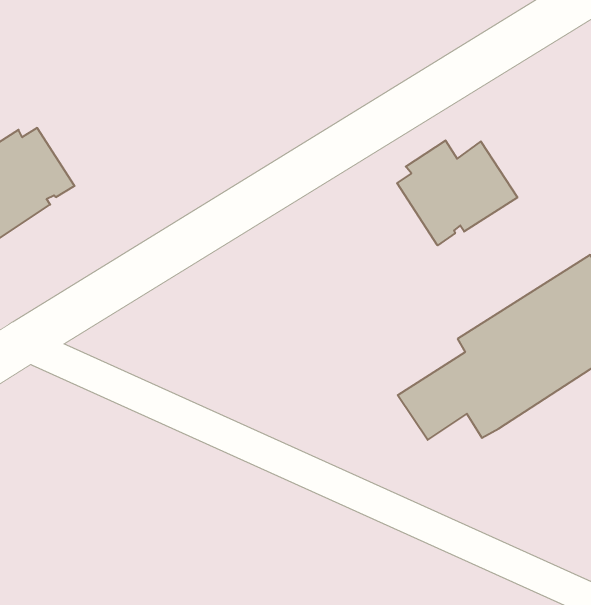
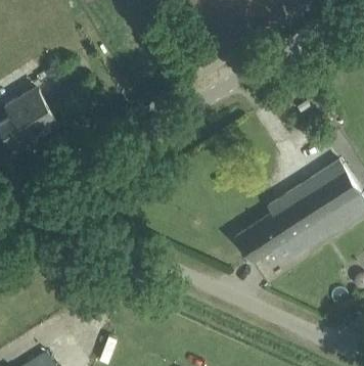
building: [397,140,517,245] -> none

